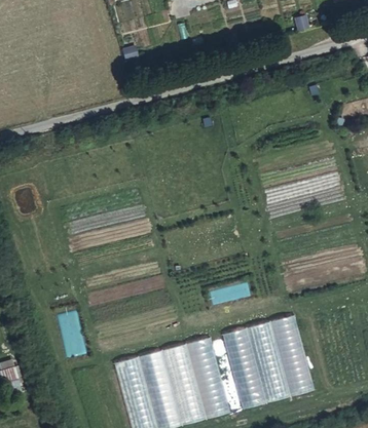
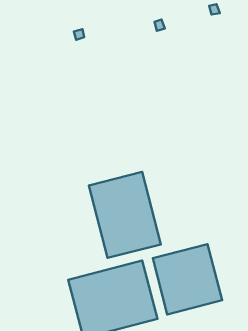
building: none -> [89,172,161,258]

